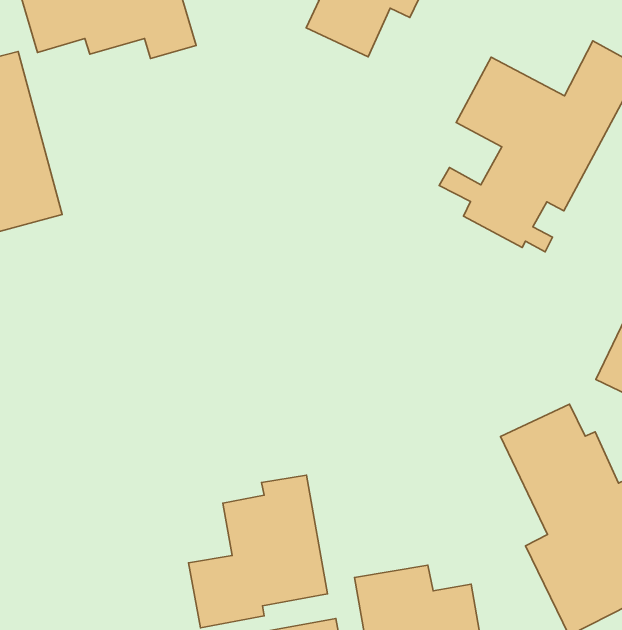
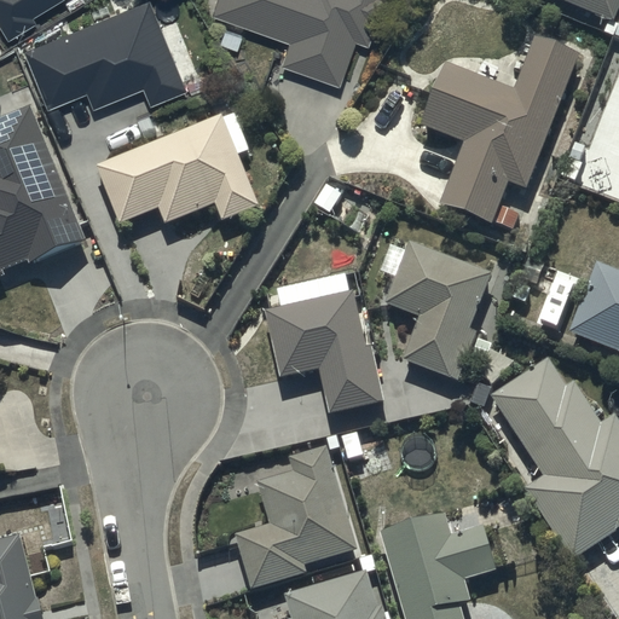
building: none -> [97,112,256,225]
building: none -> [381,242,488,382]
building: none -> [262,274,383,416]

